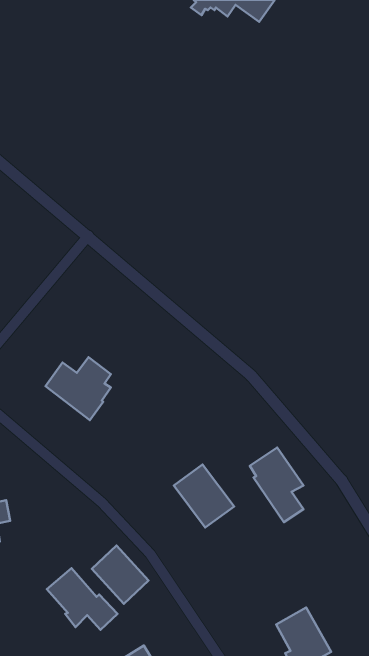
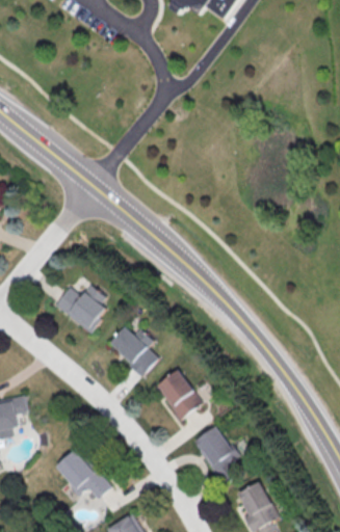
building: none -> [110,325,160,374]
building: [250,447,303,522] -> [198,428,240,487]
building: [92,546,149,604] -> none

